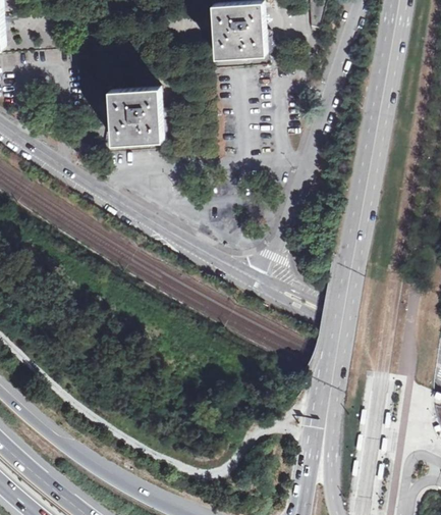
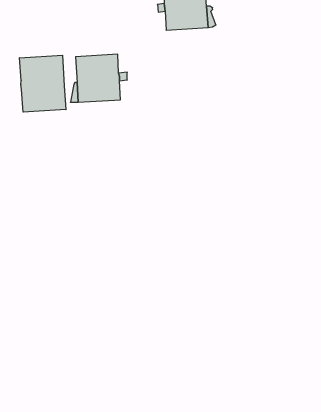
building: none -> [20,55,66,112]

